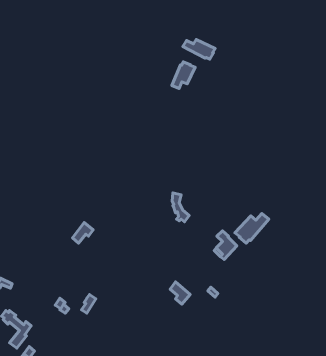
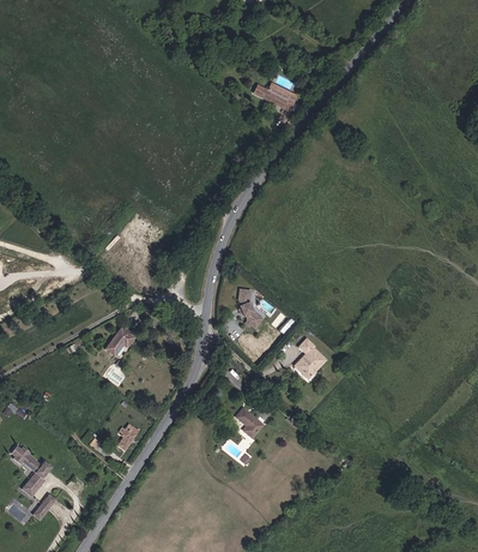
building: [172,62,195,88] -> none
building: [235,213,269,243] -> none

